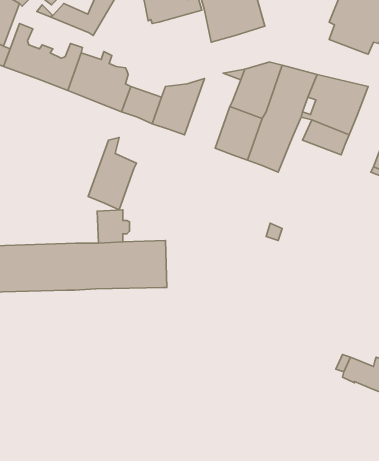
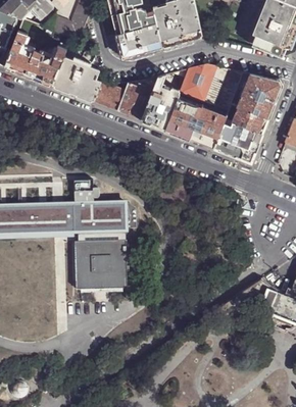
building: none -> [114,23,161,56]
building: none -> [212,119,260,162]
building: [88,138,137,210] -> [141,73,178,129]
building: none -> [73,235,127,288]

